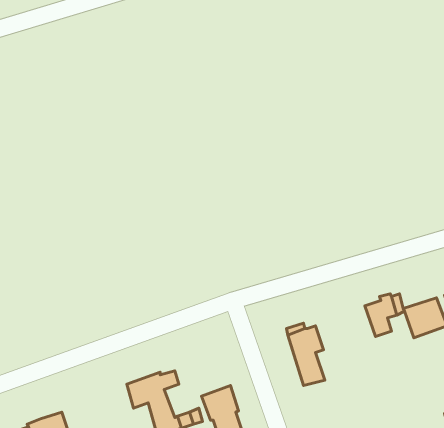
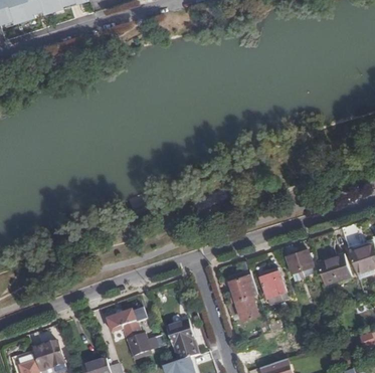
building: none -> [260,273,286,300]

